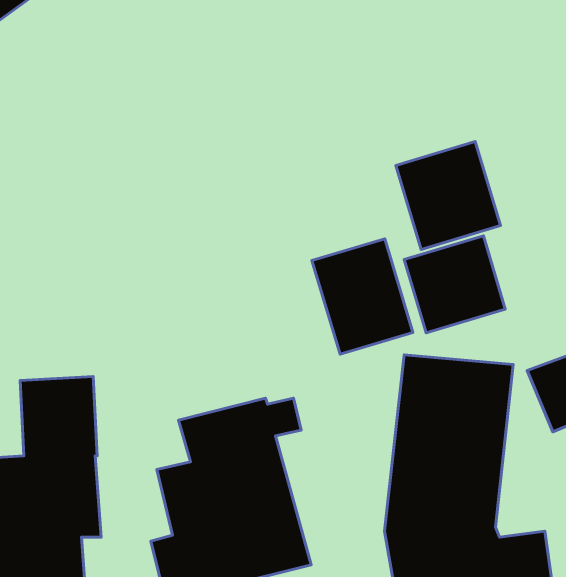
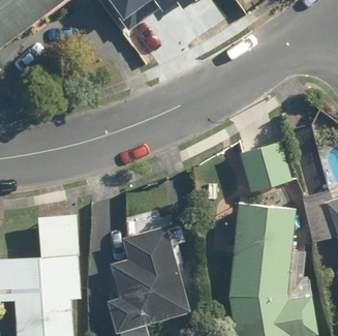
building: [396,141,500,250] -> none
building: [312,239,413,354] -> none

